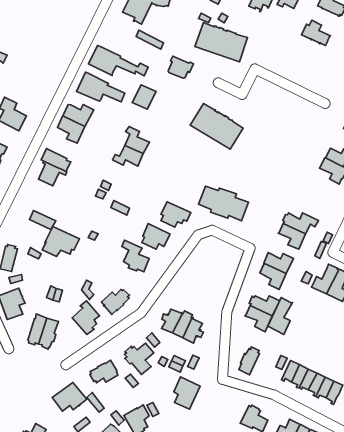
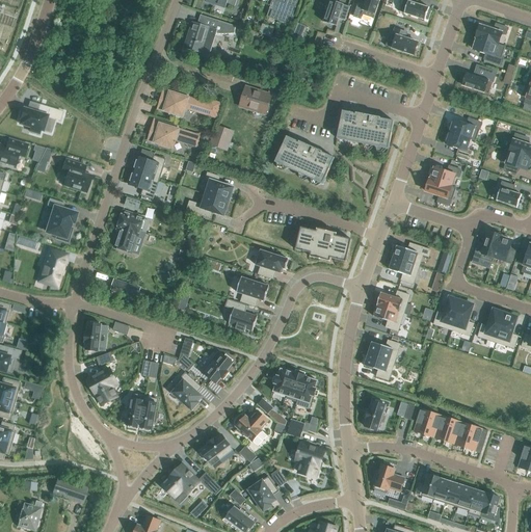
building: [195,22,248,62] -> [337,109,394,148]
building: [42,226,79,256] -> none
building: [268,297,293,335] -> none

